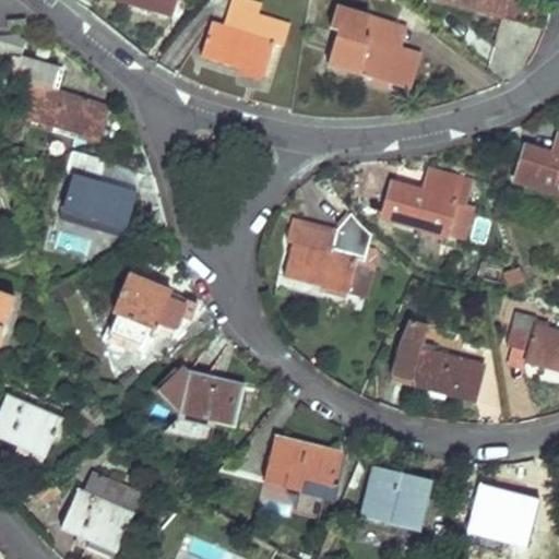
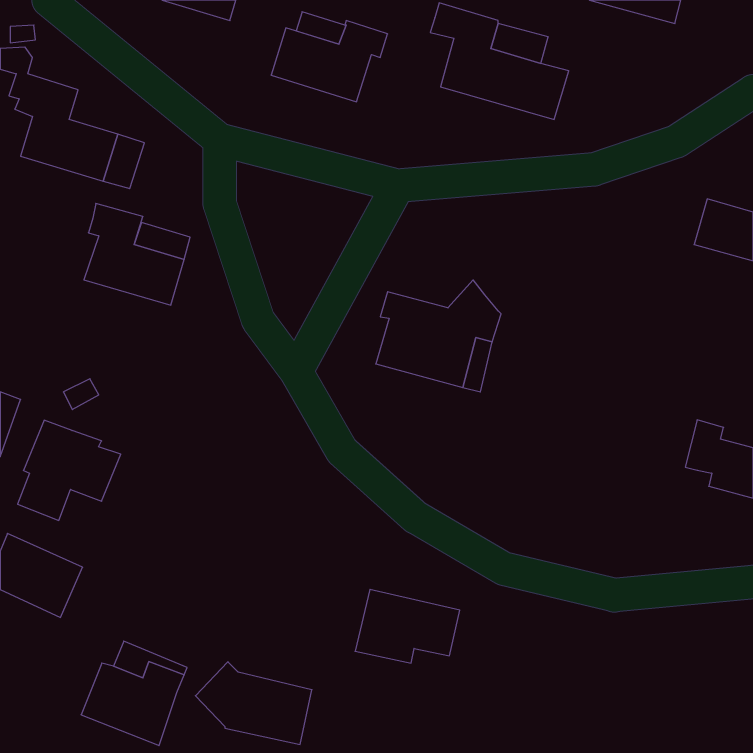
building: [382,167,473,234] -> none
building: [110,275,187,349] -> [18,420,121,520]
building: [393,319,486,401] -> none
building: [157,366,243,427] -> [195,662,312,744]
building: [361,467,430,530] -> none
building: [466,483,540,547] -> none

